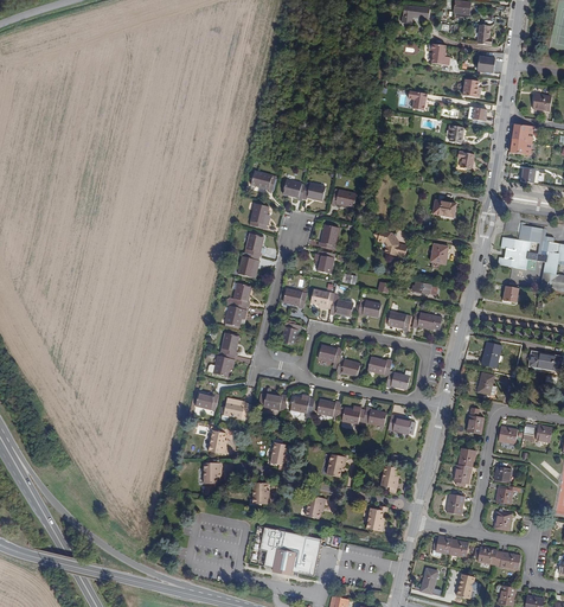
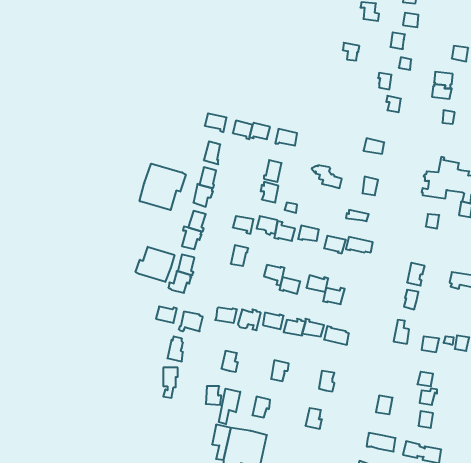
building: none -> [140,164,186,210]
building: none -> [136,247,174,282]
building: [453,447,475,486] -> none
building: none -> [219,389,240,424]

